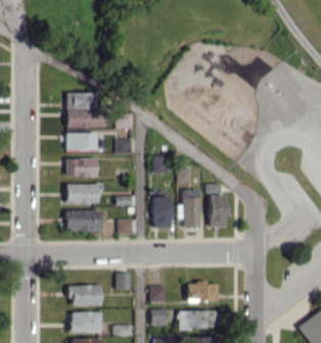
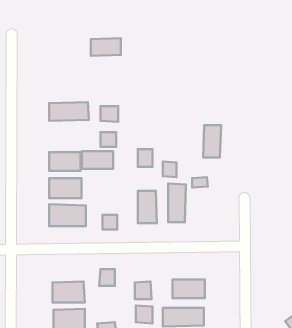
building: [66,92,96,109] -> [91,38,121,56]
building: [66,133,97,150] -> [82,151,113,169]
building: [210,195,227,227] -> [203,125,221,158]

